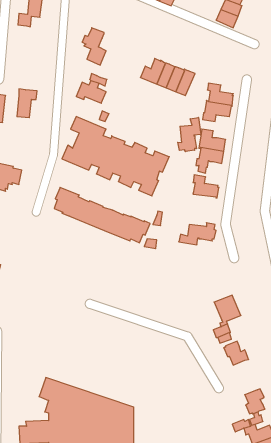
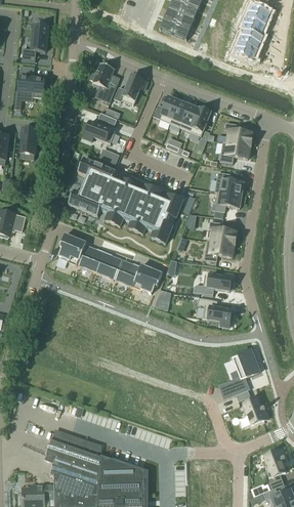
building: none -> [14,64,44,99]
building: none -> [114,73,148,103]
building: [178,117,201,152] -> none
building: none -> [204,239,234,260]
building: none -> [198,296,234,326]

